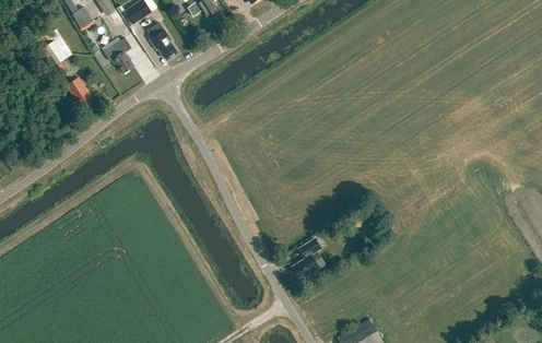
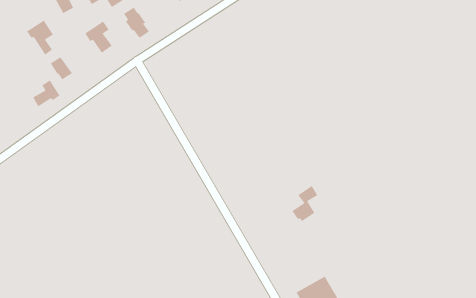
building: none -> [33,80,60,107]
building: [292,237,321,277] -> [291,185,318,222]

